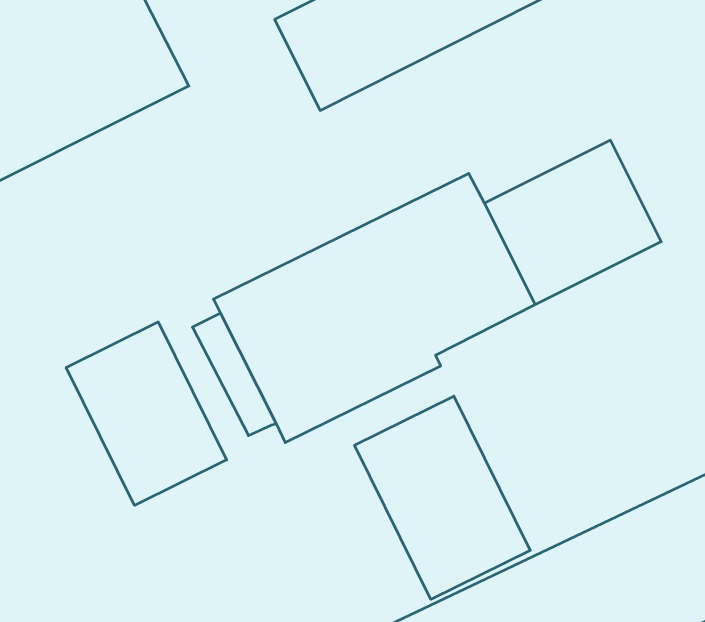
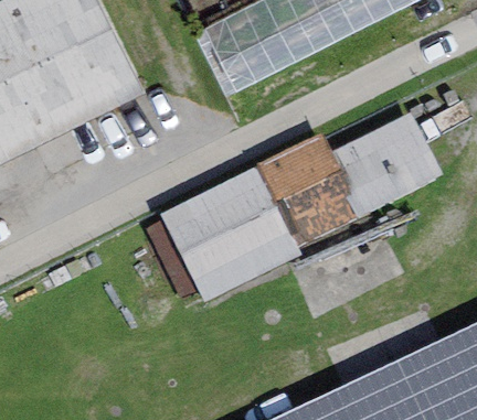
building: [66,322,227,505] -> none
building: [355,396,530,599] -> none

